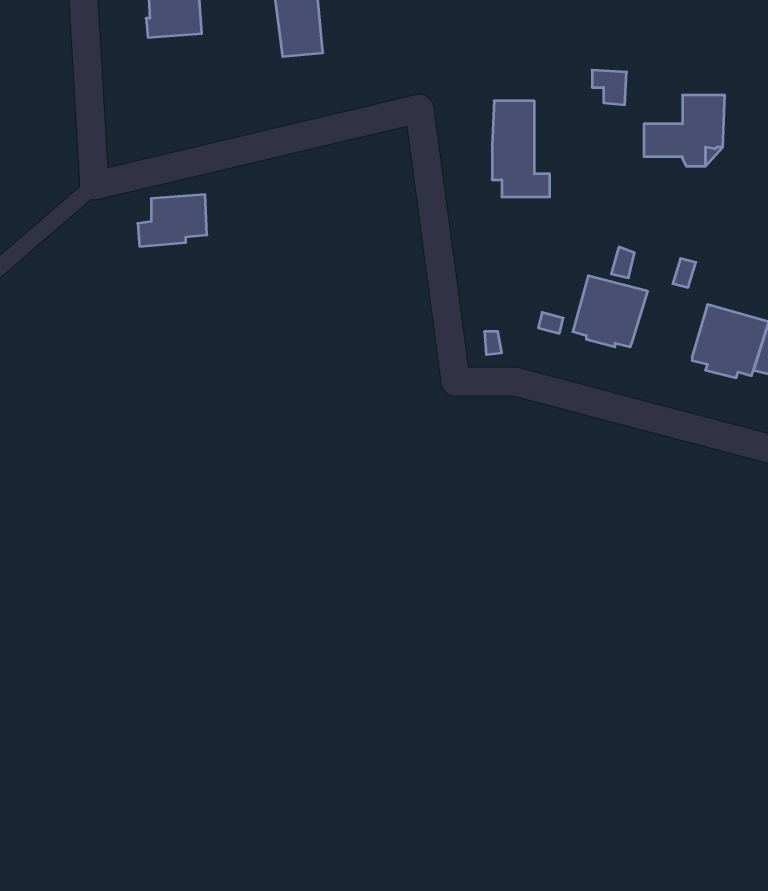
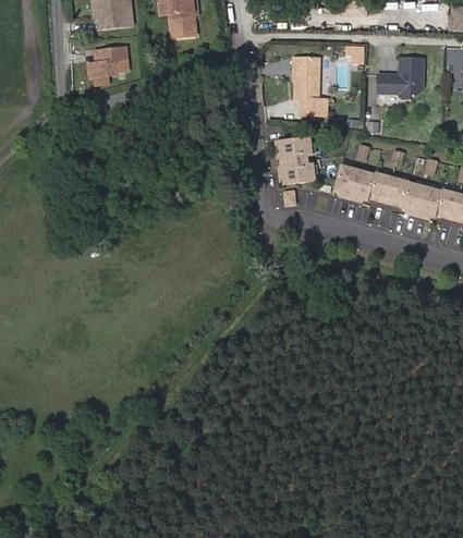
building: [138,195,207,246] -> [85,46,124,75]
building: none -> [281,142,317,186]
building: none -> [371,166,415,208]

